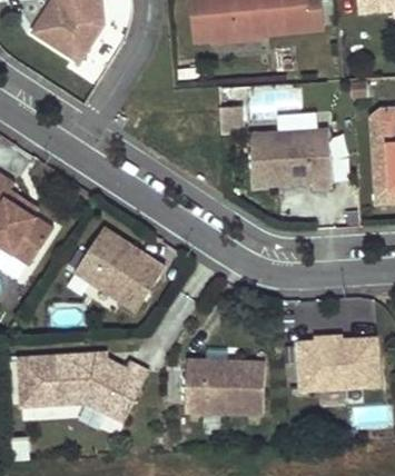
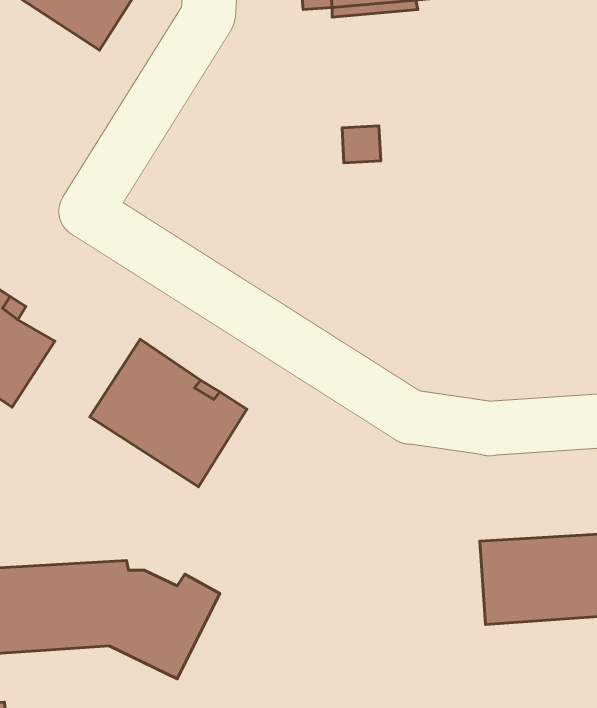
building: [249,130,332,188] -> none
building: [185,359,264,414] -> none

